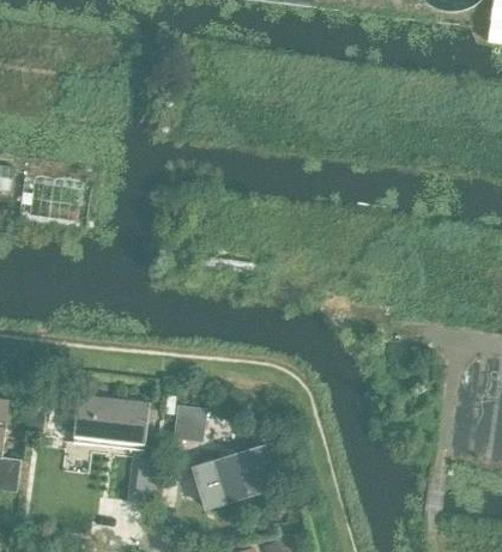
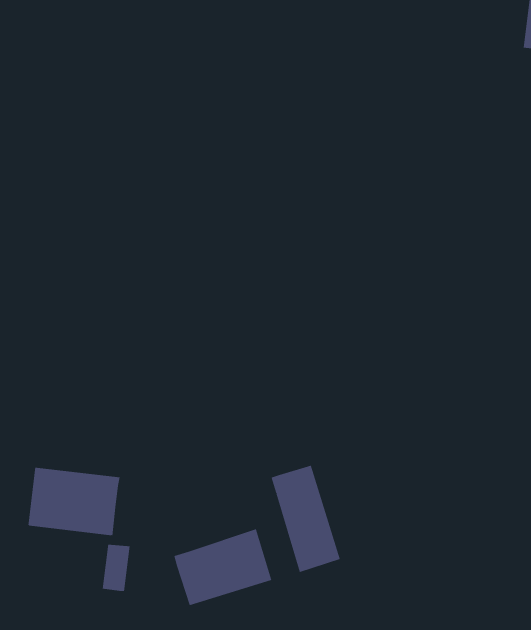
building: none -> [271,465,341,573]
building: [175,406,205,439] -> none

